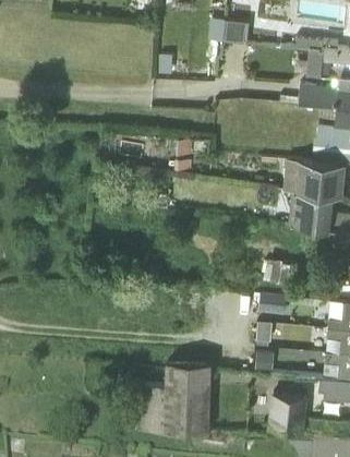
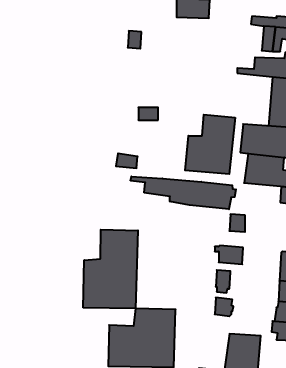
building: none -> [185,115,235,174]
building: none -> [131,176,236,209]
building: none -> [83,230,138,308]

